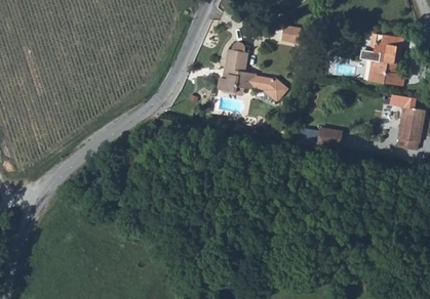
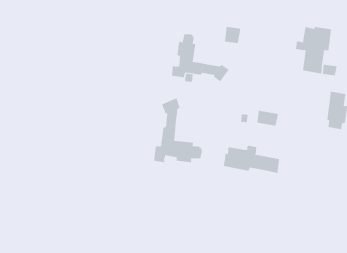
building: none -> [154,97,202,163]
building: none -> [223,145,280,174]

